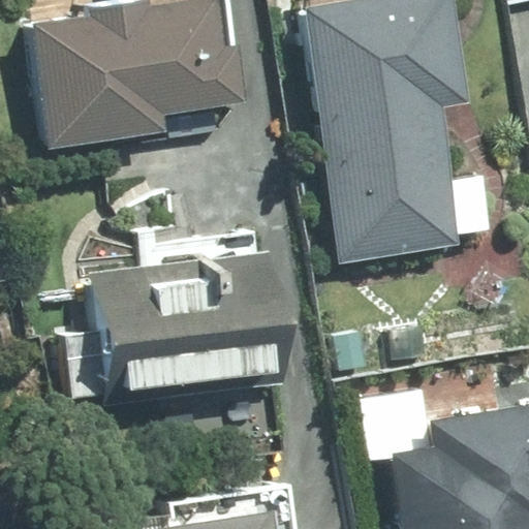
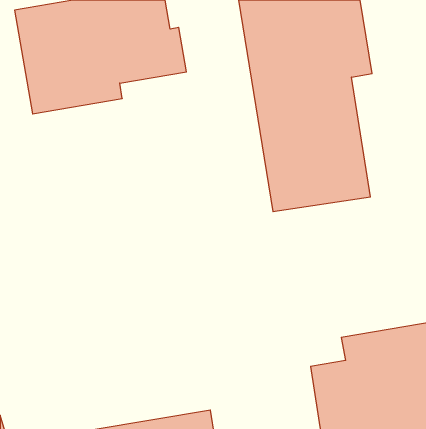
building: [91,249,276,384] -> none

